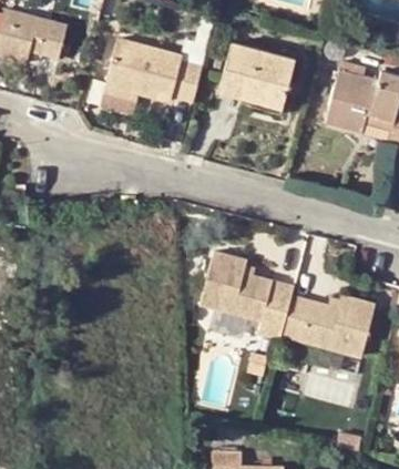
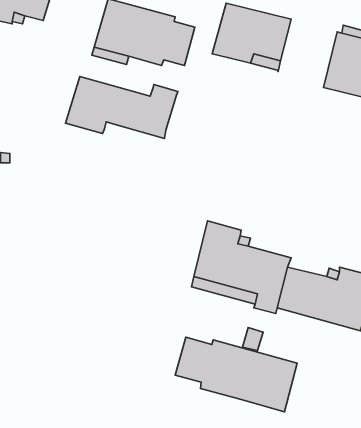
building: none -> [65,77,178,139]
building: none -> [175,337,297,412]

